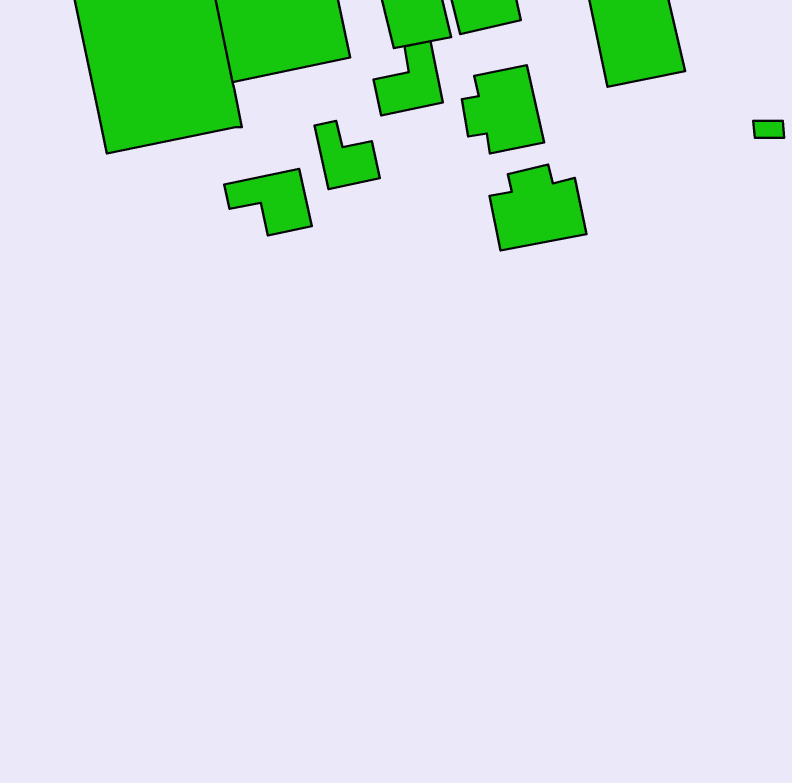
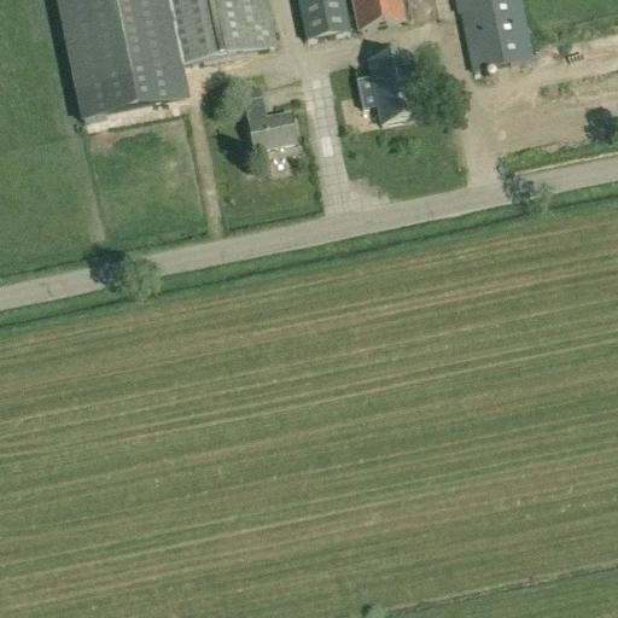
building: [373,41,443,115] -> none
building: [489,164,587,251] -> none
building: [224,169,312,236] -> none

